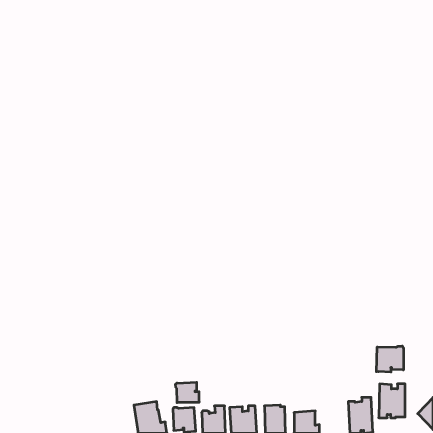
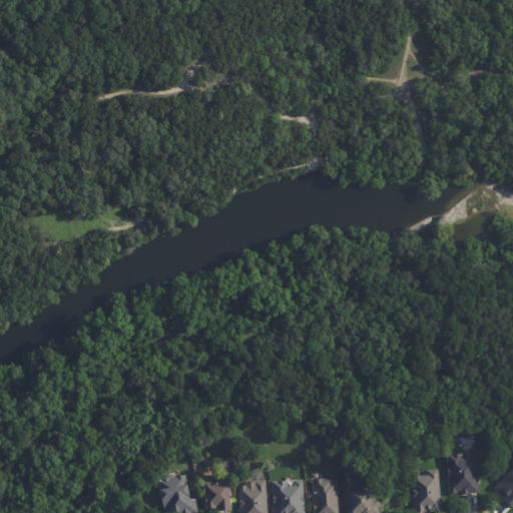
building: [376,346,403,372] -> none
building: [176,382,199,403] -> none

